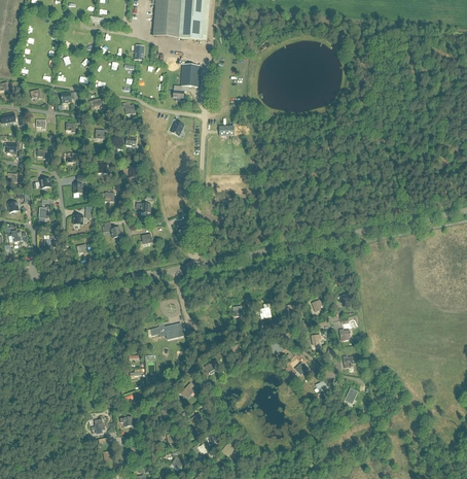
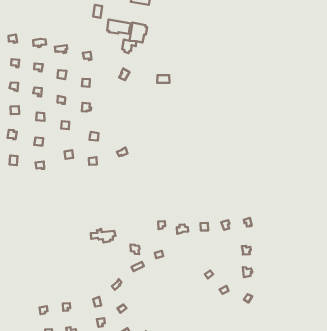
building: none -> [107,20,131,34]

